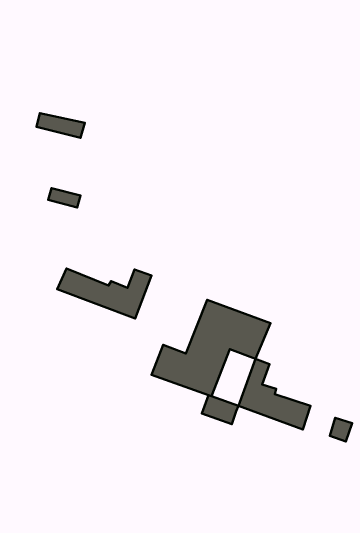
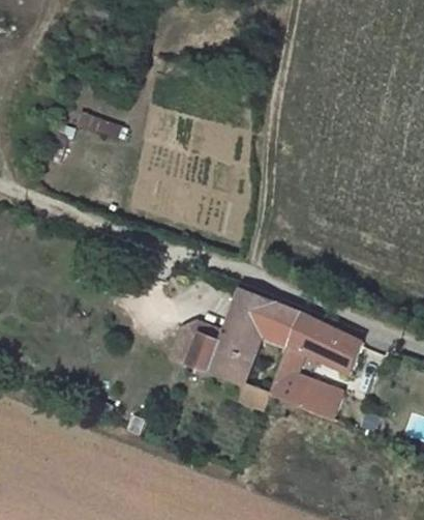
building: [57,269,151,318] -> none
building: none -> [286,314,361,372]

